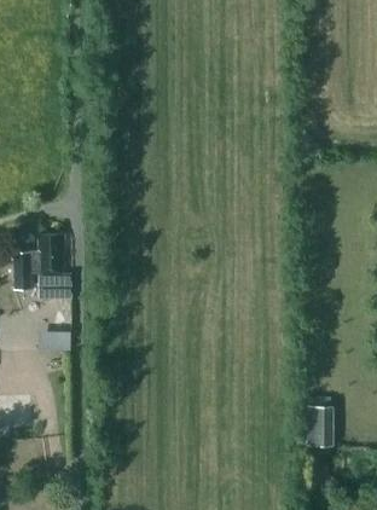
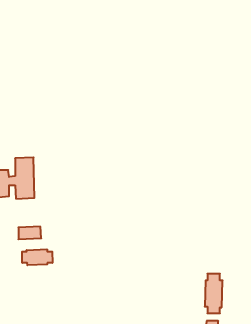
building: none -> [22,249,52,265]

